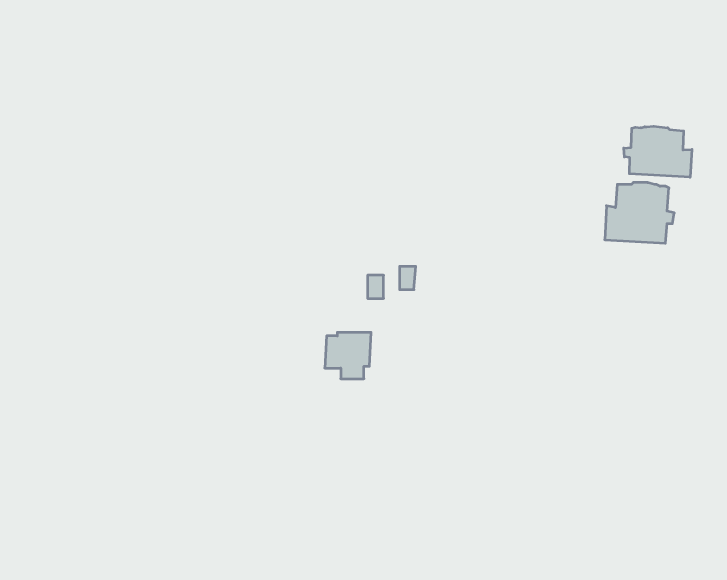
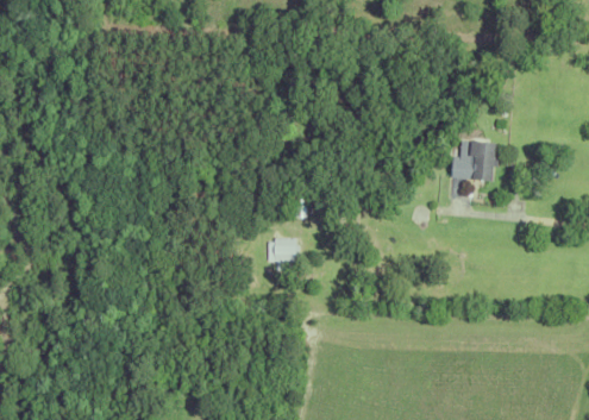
building: [624,126,692,177] -> none

